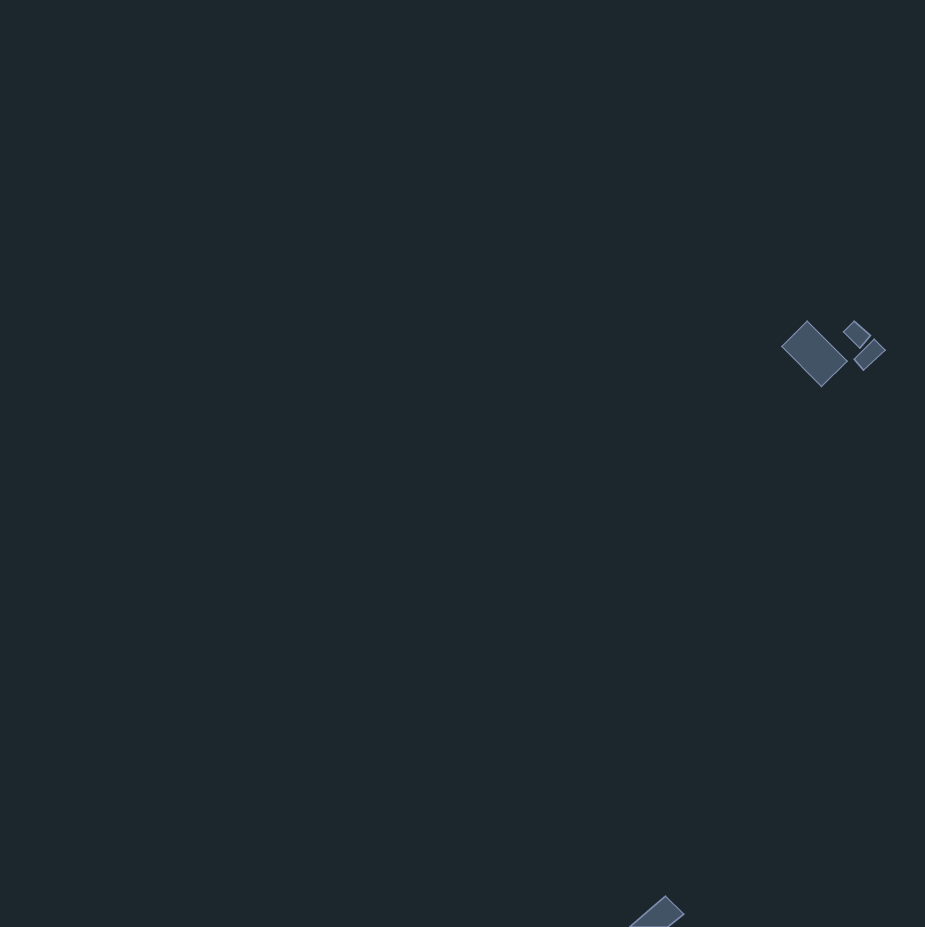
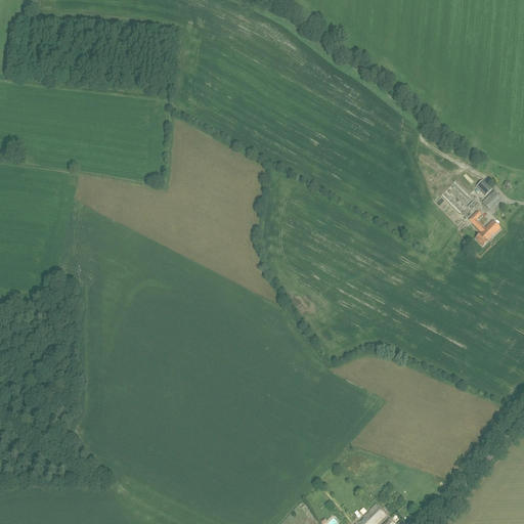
building: none -> [470,212,501,247]

